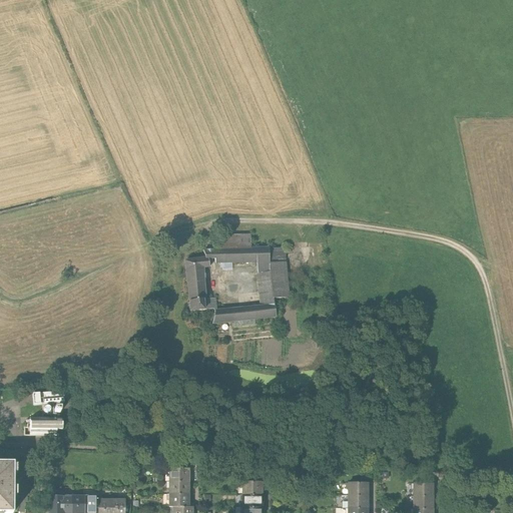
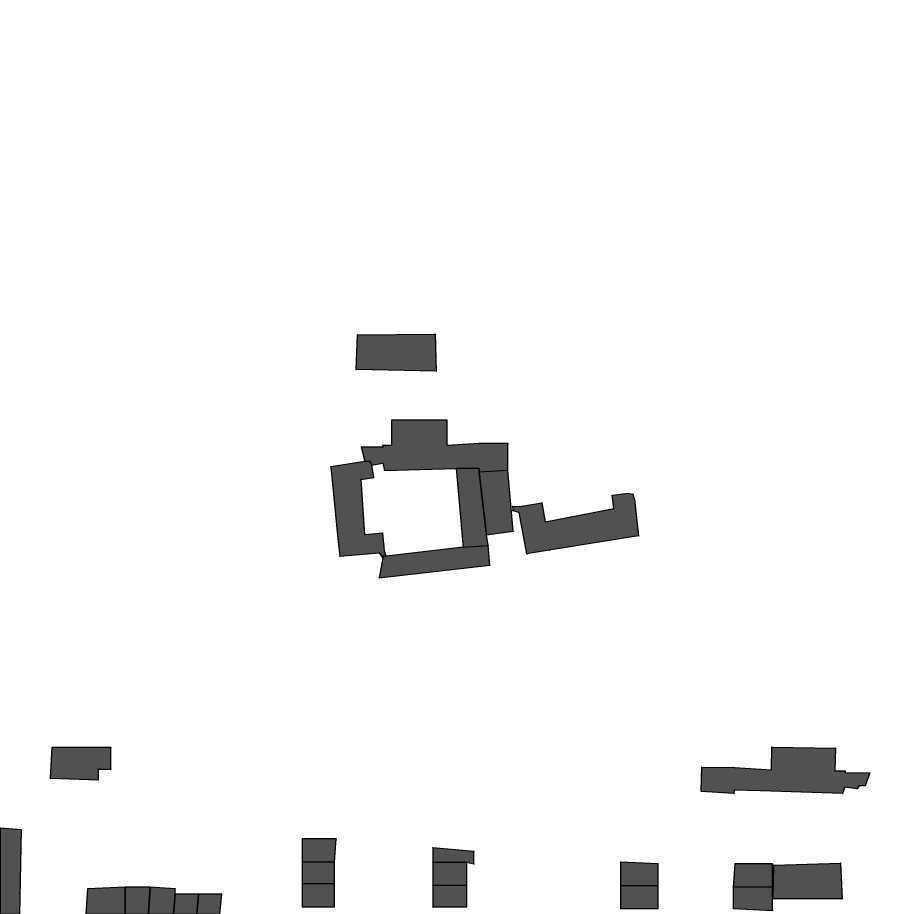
building: none -> [356,334,436,371]
building: none -> [511,493,639,554]
building: none -> [701,747,870,794]
building: none -> [773,863,842,899]

